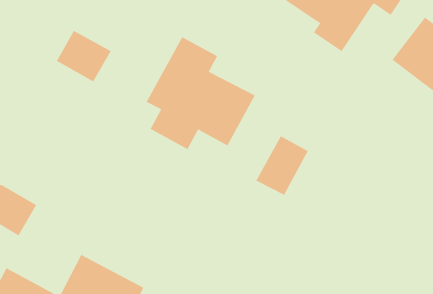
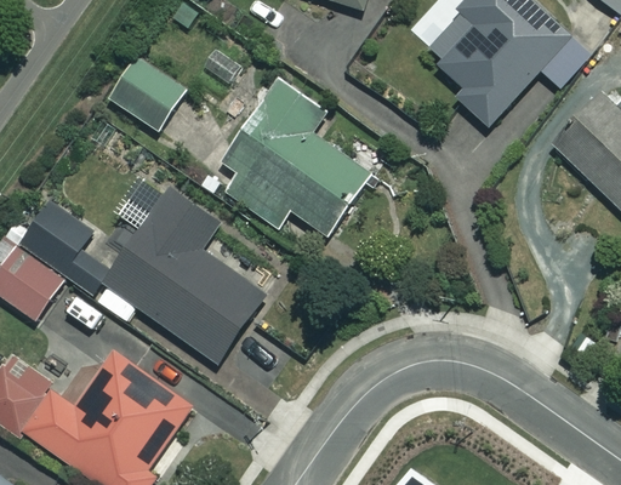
building: none -> [103,188,264,361]
building: [255,135,309,196] -> none
building: none -> [25,201,106,280]

